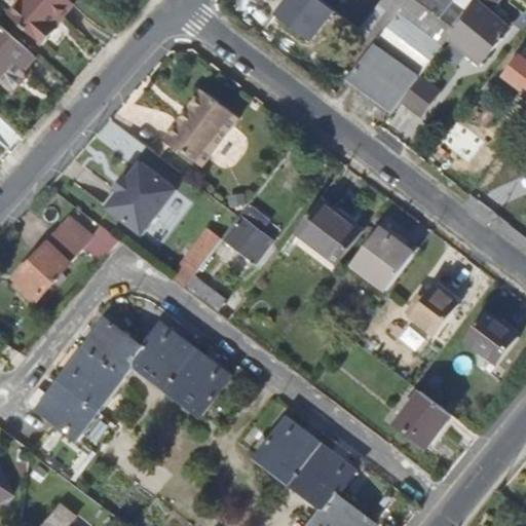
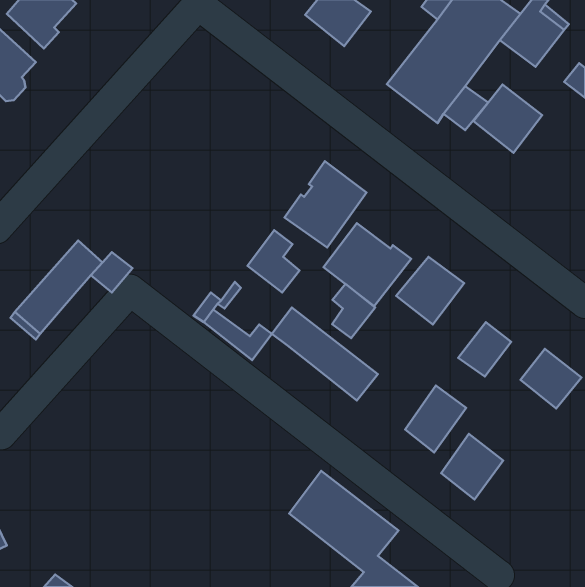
building: none -> [473,85,542,153]
building: [162,87,235,164] -> [285,161,366,248]
building: [105,162,173,232] -> none
building: none -> [332,284,375,338]
building: none -> [272,307,378,401]
building: [38,322,230,438] -> none
building: none -> [405,386,466,452]

